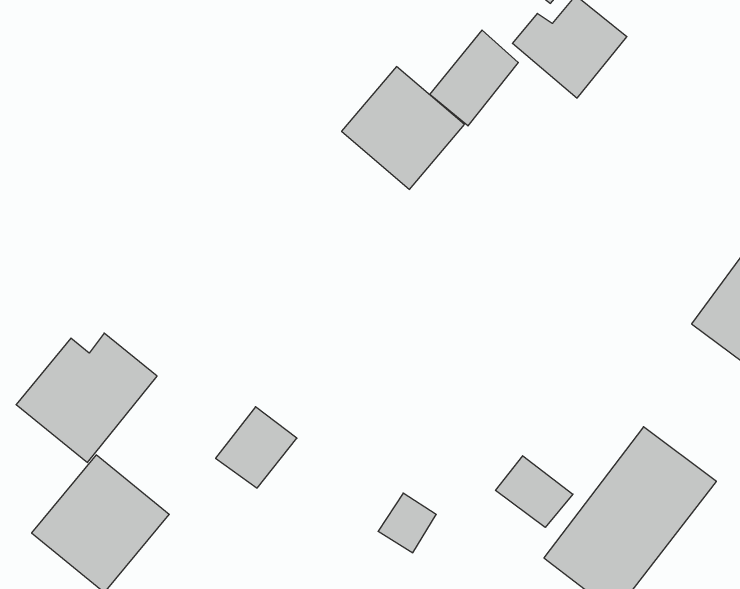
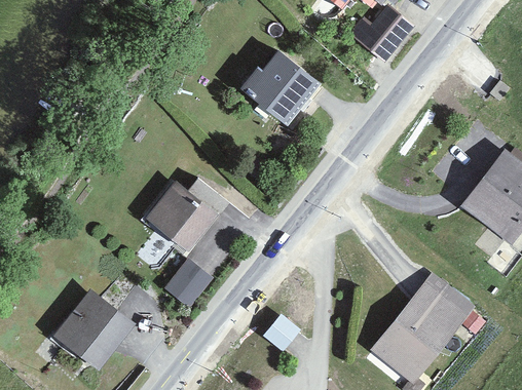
building: [430,30,518,126] -> none
building: [16,333,157,463] -> [143,177,230,257]
building: [496,456,573,527] -> none

